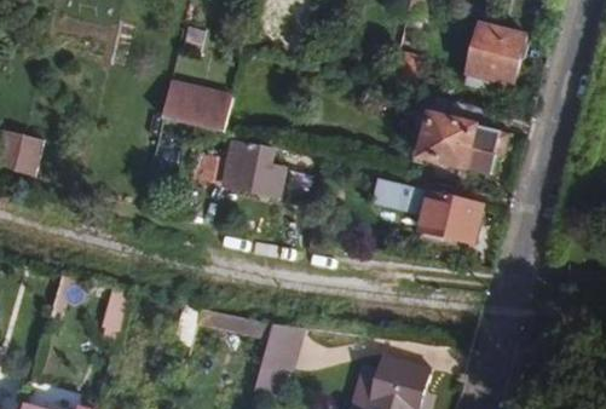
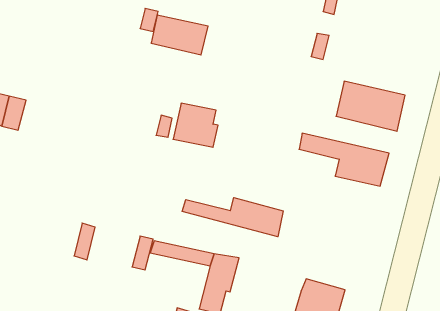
building: [467,22,524,83] -> none
building: [161,83,230,132] -> [151,15,208,55]
building: none -> [182,198,283,237]

